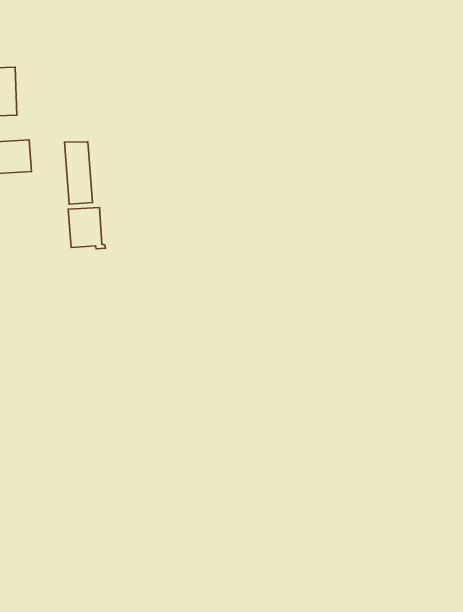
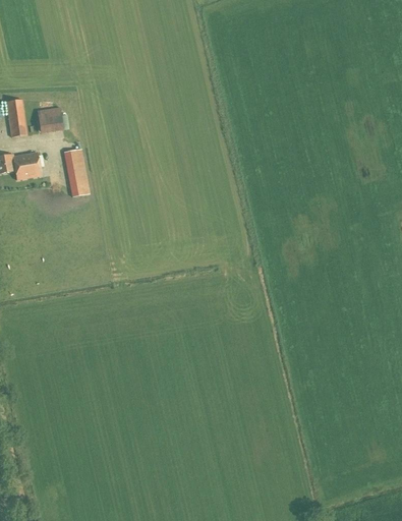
building: none -> [38,107,63,132]
building: [68,207,105,249] -> none

